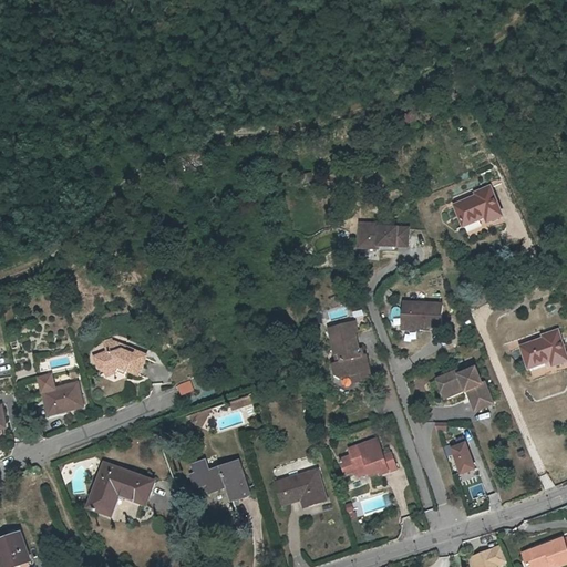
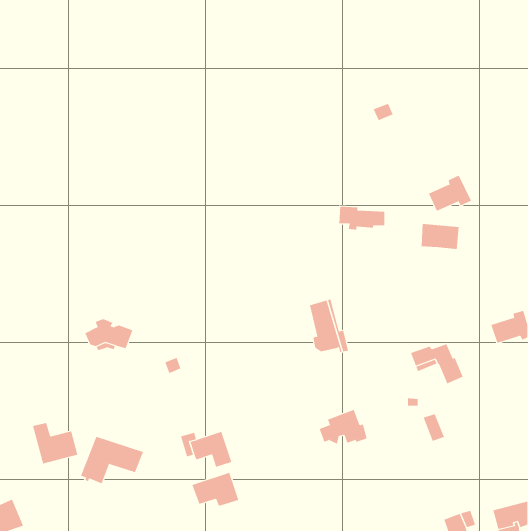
building: [402,299,443,327] -> [421,224,459,250]
building: [31,373,80,417] -> [32,423,78,464]
building: [272,471,323,507] -> [191,472,239,507]

